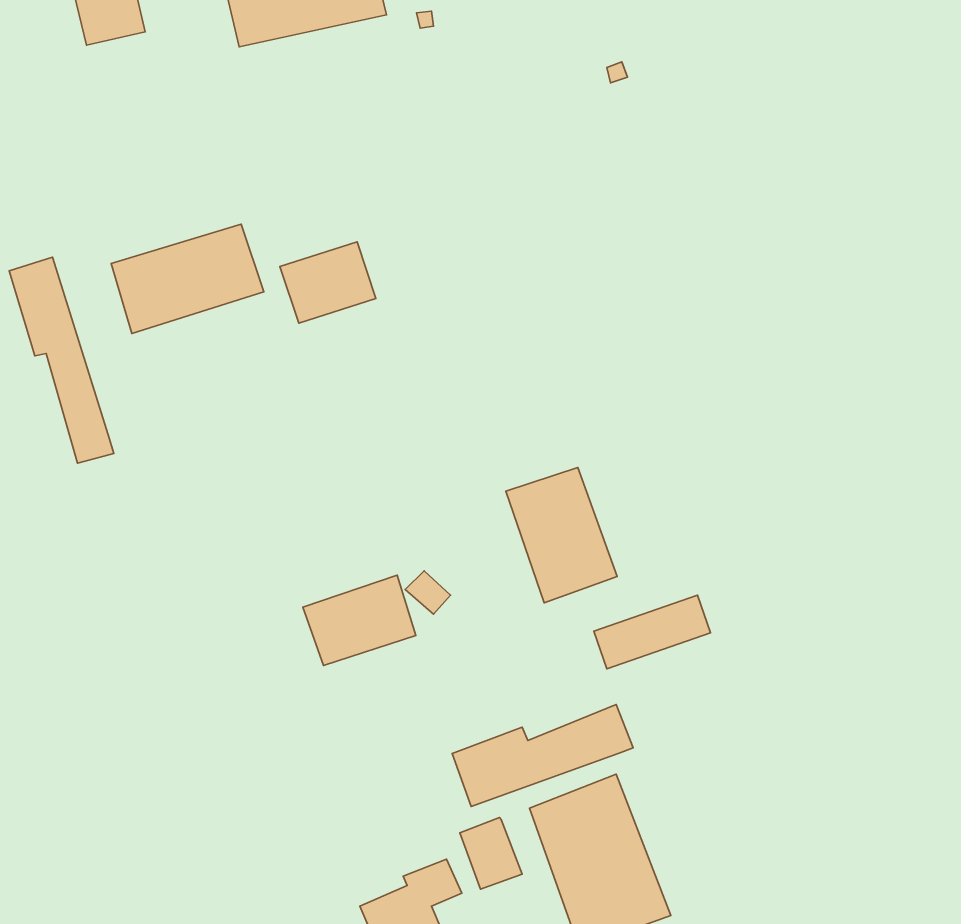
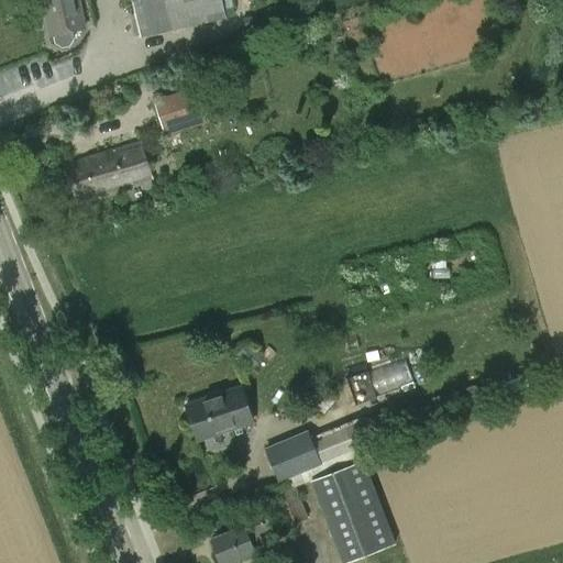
building: [280,242,376,323] -> [153,87,209,134]
building: [9,257,114,463] -> none
building: [506,467,617,603] -> none
building: [303,575,416,666] -> [188,388,254,441]

